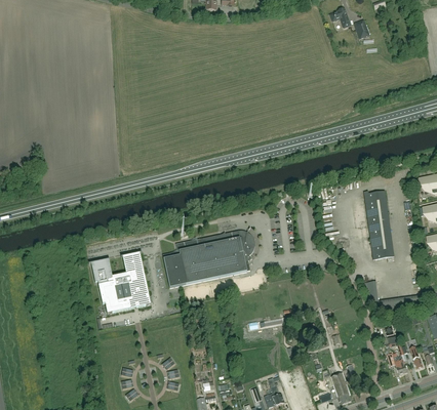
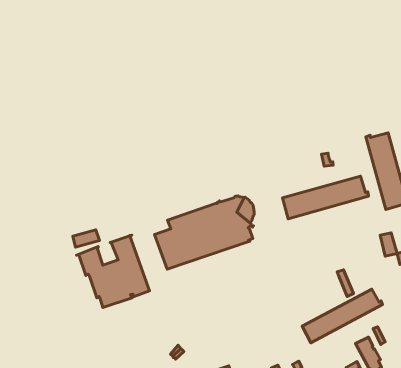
building: none -> [283,176,368,219]
building: none -> [302,289,382,343]

